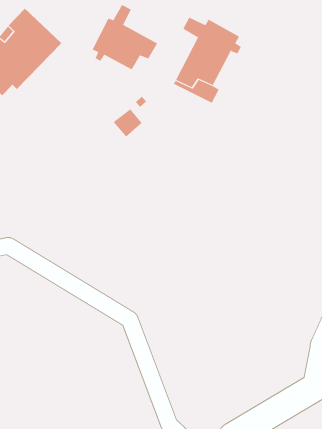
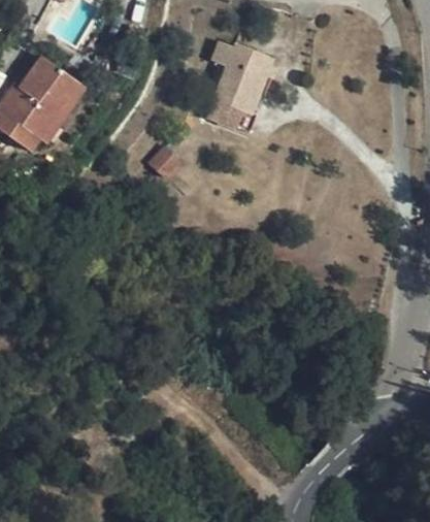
building: [92,4,158,70] -> none

